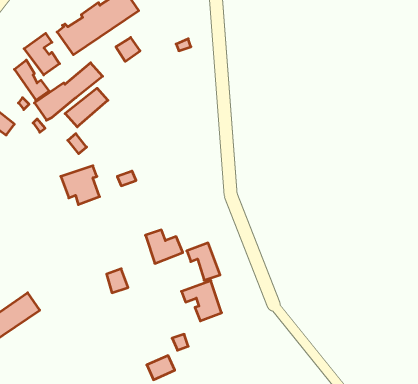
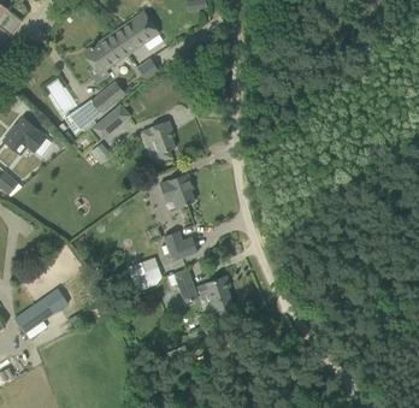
building: [24,33,60,75] -> none
building: none -> [141,120,175,162]
building: [61,166,100,205] -> [159,173,194,208]
building: [187,243,220,280] -> [167,268,197,302]

